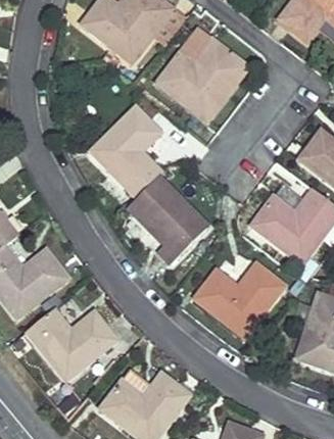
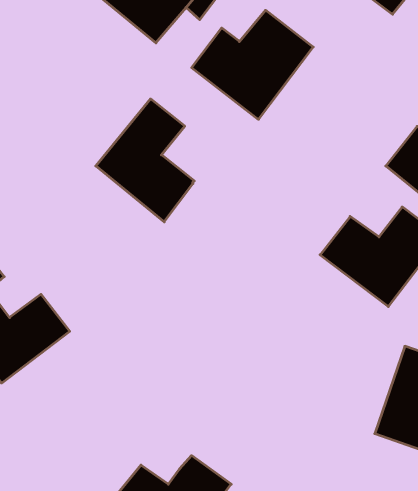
building: [127,169,212,260] -> none
building: [198,259,289,334] -> none
building: [26,311,114,382] -> none

